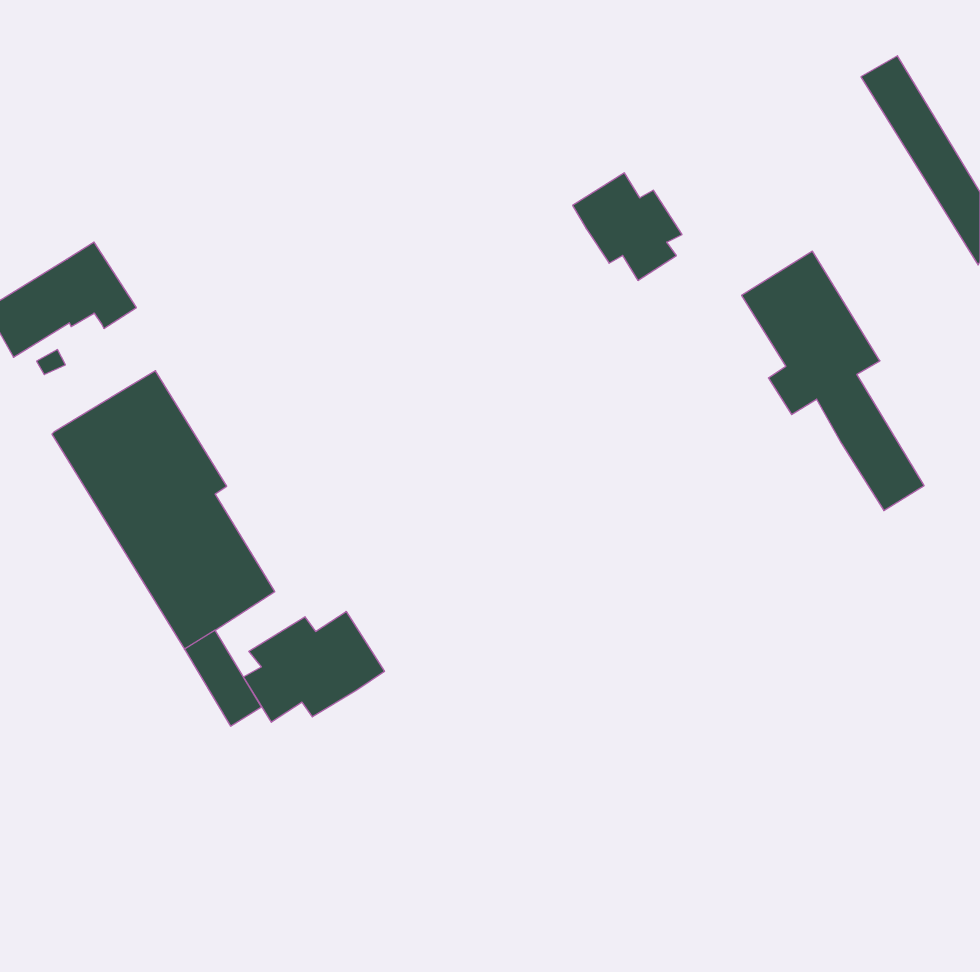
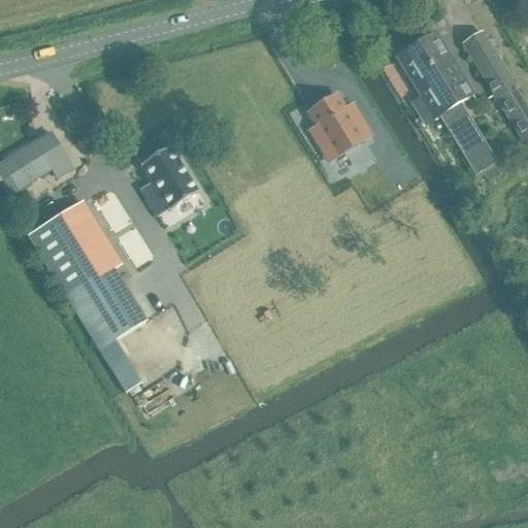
building: [742,251,924,511] -> [398,32,496,171]
building: none -> [140,145,197,208]
building: [243,611,384,722] -> none

